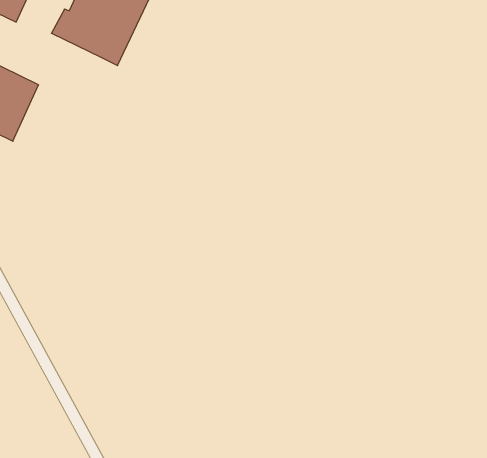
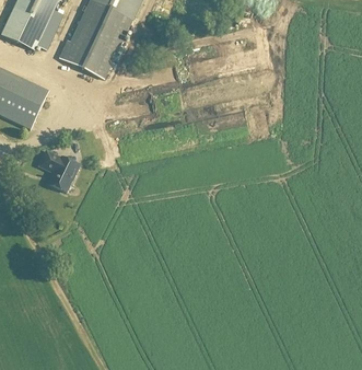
building: none -> [38,150,79,192]

